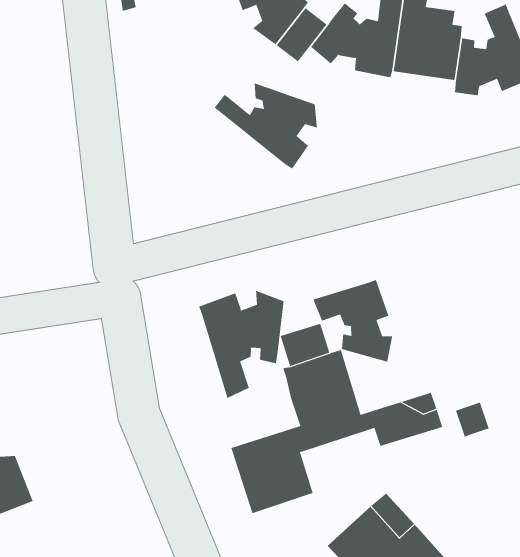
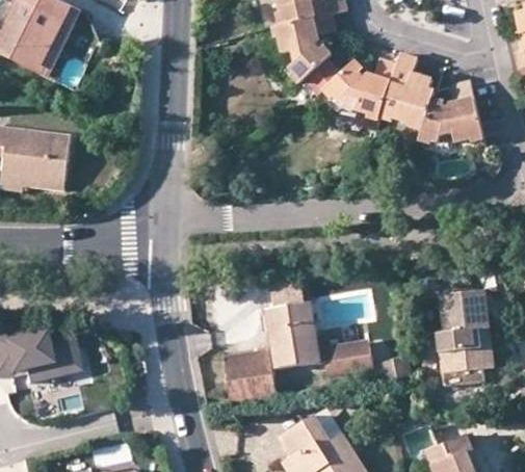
building: [214,83,318,170] -> none
building: [312,279,393,362] -> none
building: [198,290,284,399] -> none

